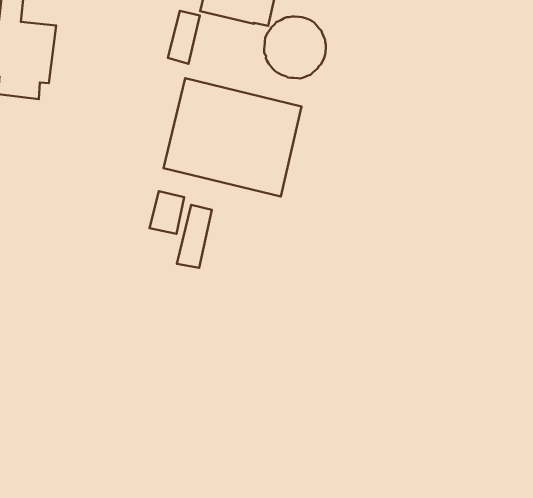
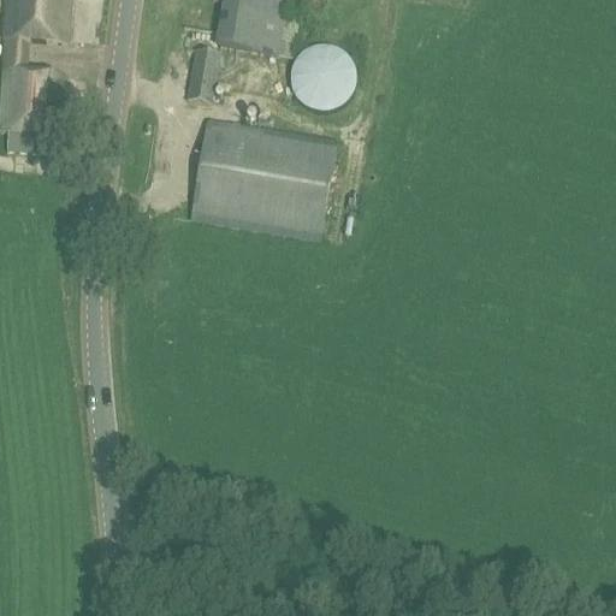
building: [150,191,184,234] -> none
building: [177,205,212,268] -> none

